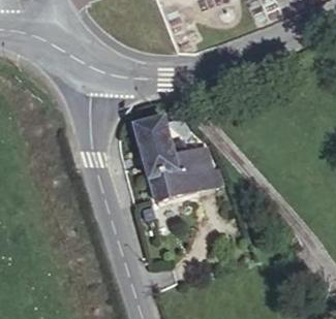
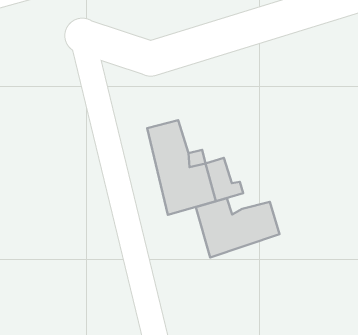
building: none -> [196,198,280,258]

